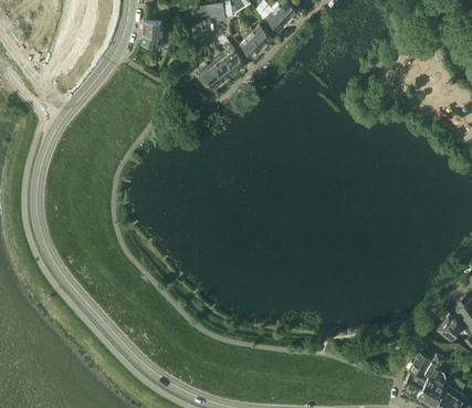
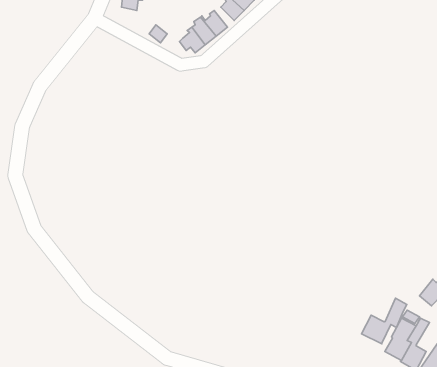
building: none -> [361,298,407,344]

